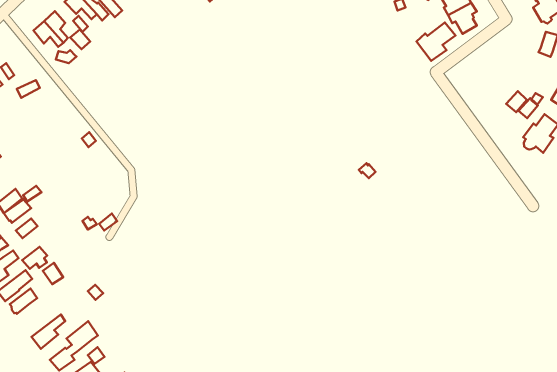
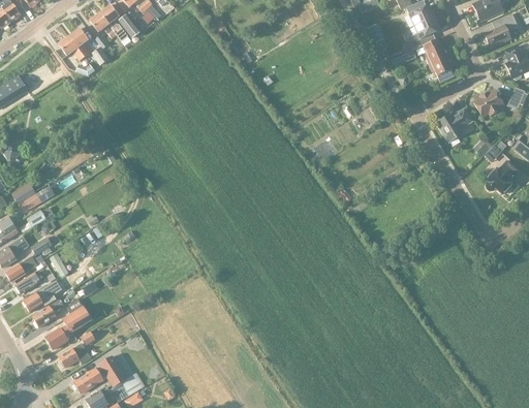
building: [417,22,455,61] -> [438,108,473,142]
building: none -> [474,89,504,117]
building: none -> [24,280,63,312]

